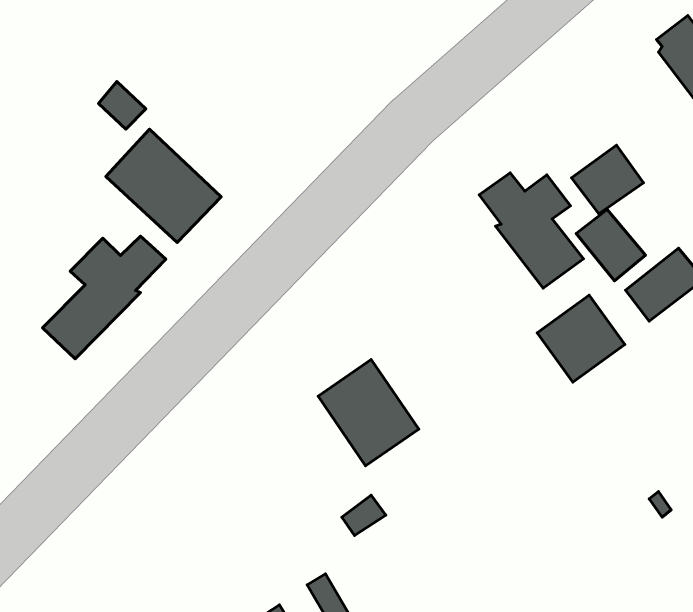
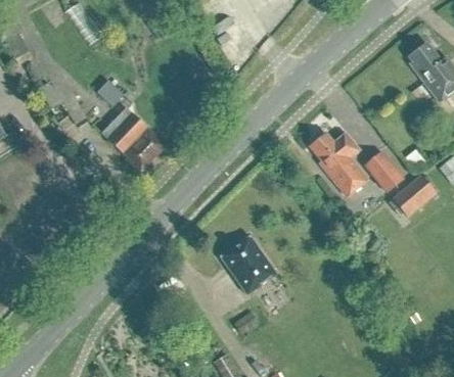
building: [571,145,643,214] -> none
building: [43,236,166,359] -> none
building: [537,295,625,382] -> none

